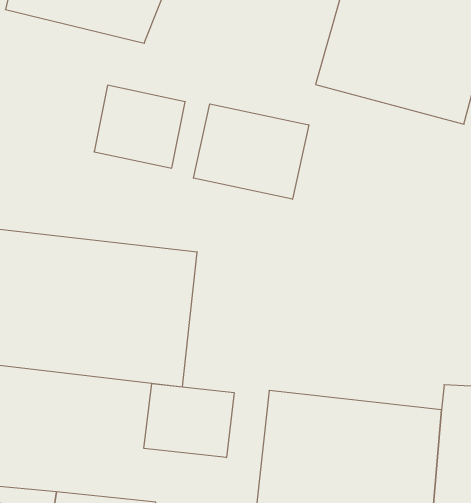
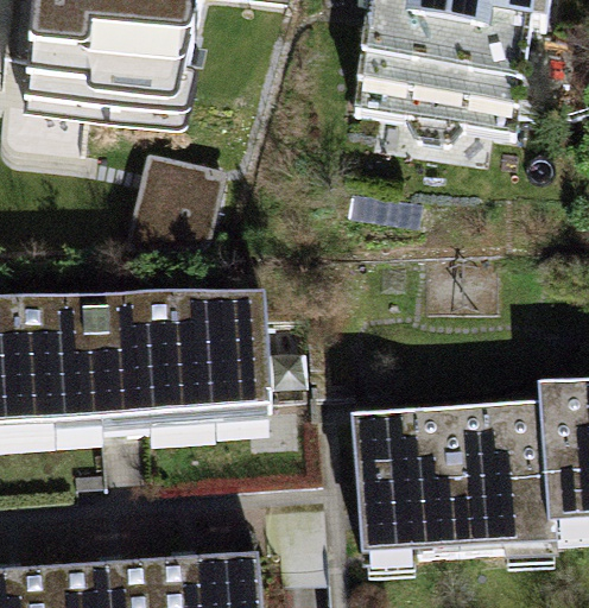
building: [194,104,309,199] -> none
building: [144,383,234,458] -> none

